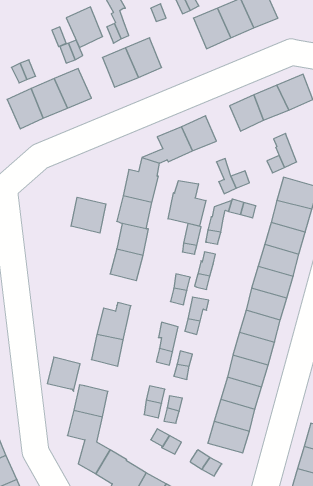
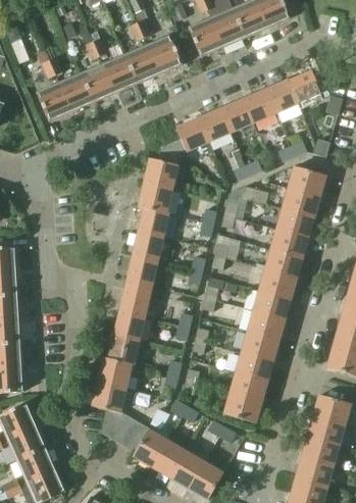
building: [66,7,103,48] -> [103,54,137,92]
building: none -> [188,17,222,55]
building: none -> [221,99,254,132]
building: [168,181,206,226] -> none
building: [71,197,106,233] -> none
building: none -> [126,255,157,290]
building: [47,357,80,391] -> [109,335,140,366]

